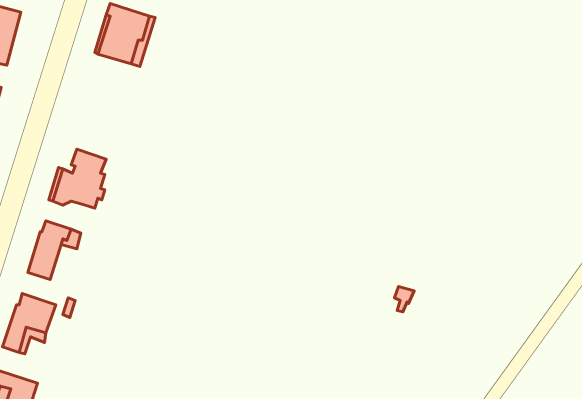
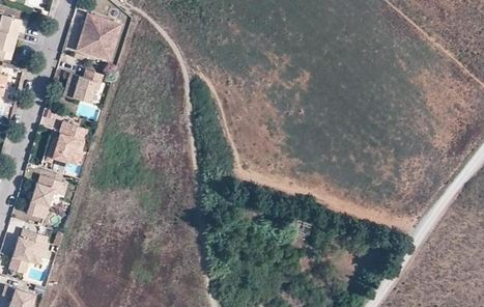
building: none -> [64,69,106,104]

